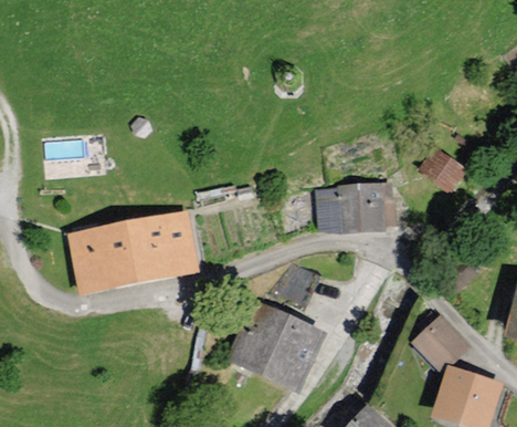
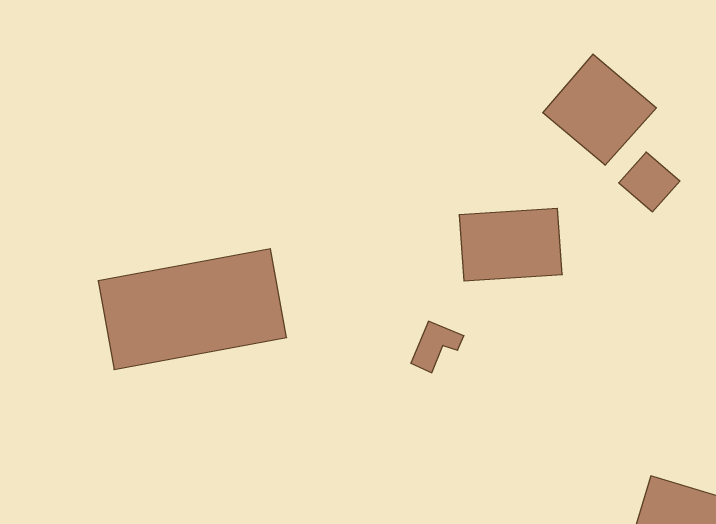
building: none -> [543,54,656,165]
building: [222,299,321,390] -> none
building: [413,313,467,367] -> none

